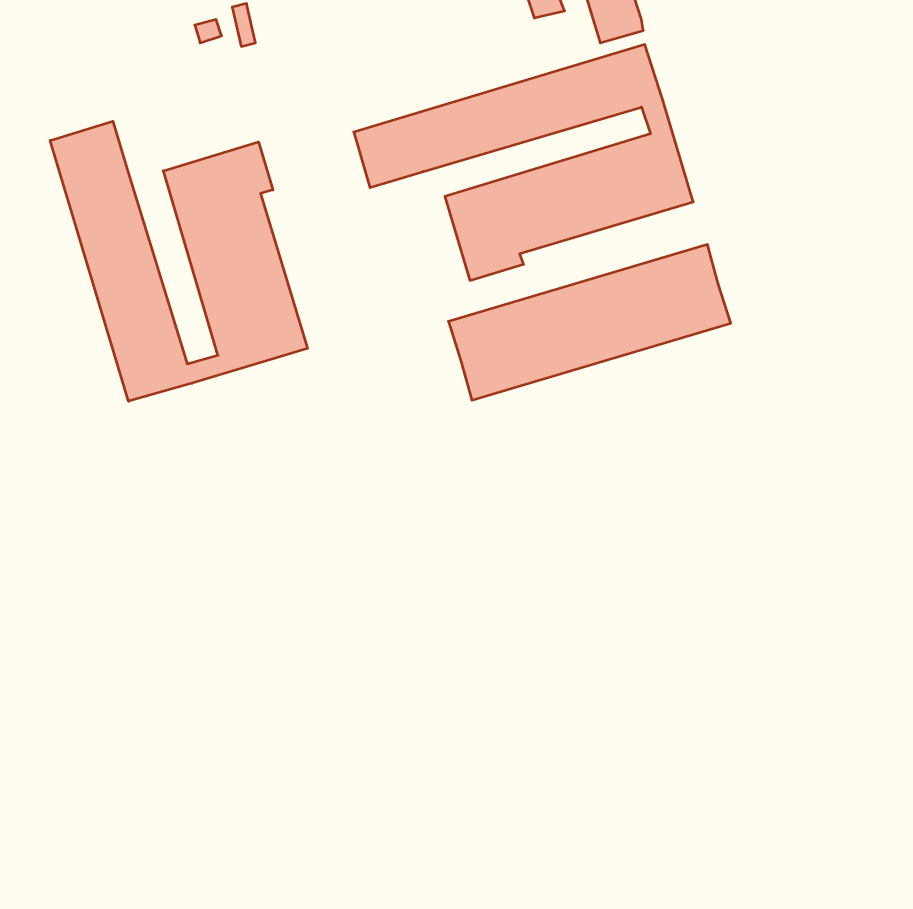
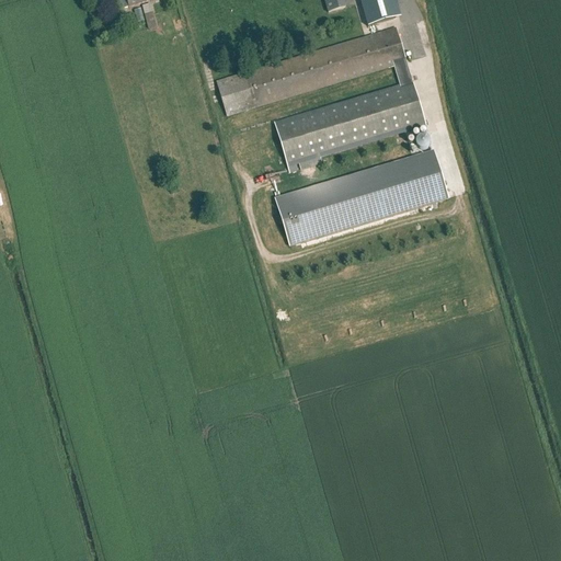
building: [50,121,308,401] -> none

